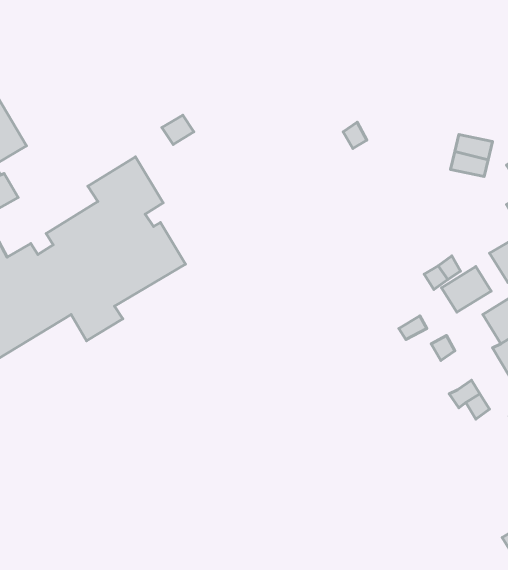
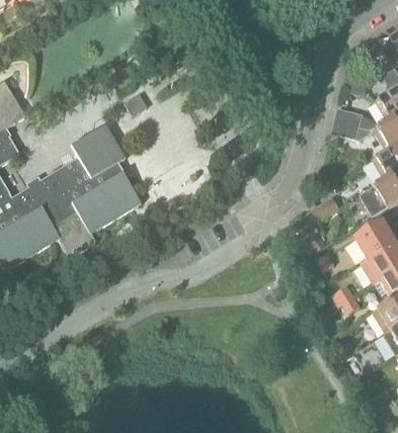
building: [441,266,491,312] -> none

